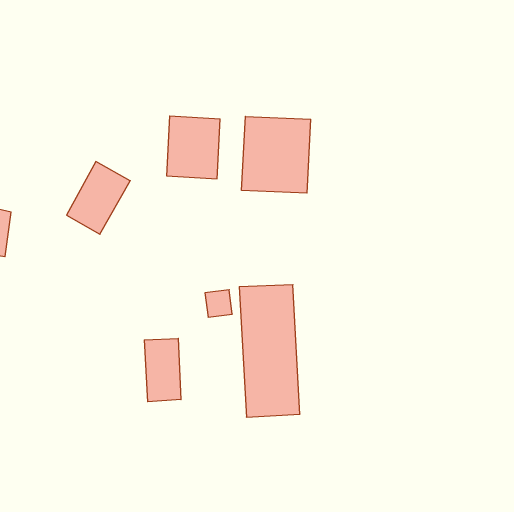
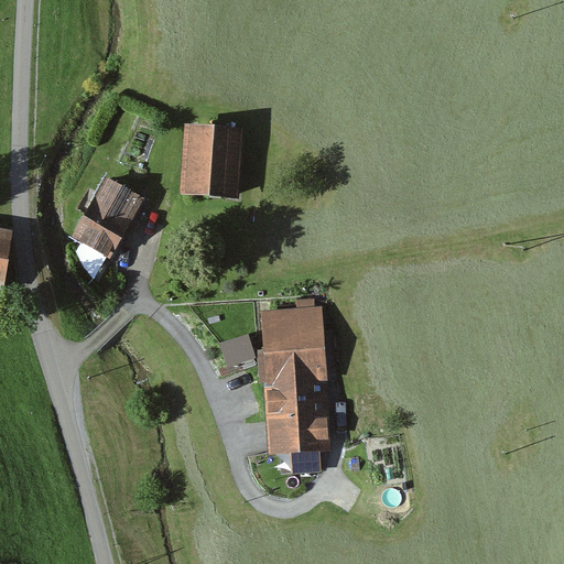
building: [242,116,311,193] -> none
building: [144,338,181,402] -> none

